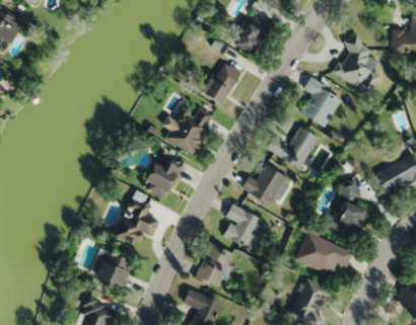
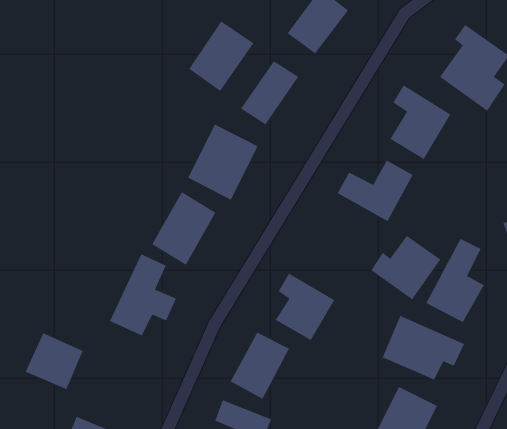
building: none -> [189,21,254,92]
building: [241,164,289,208] -> [370,235,441,300]
building: [93,250,133,289] -> [25,333,83,390]

